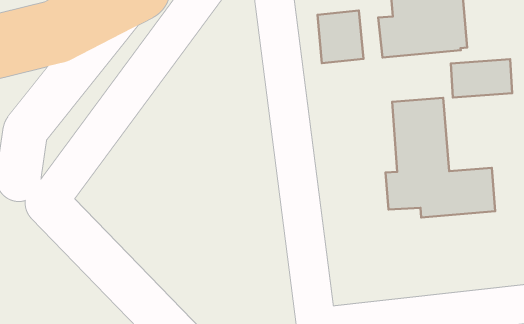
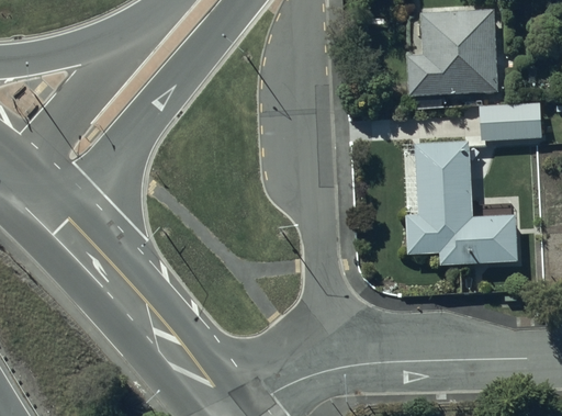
building: [317,10,364,63] -> none

